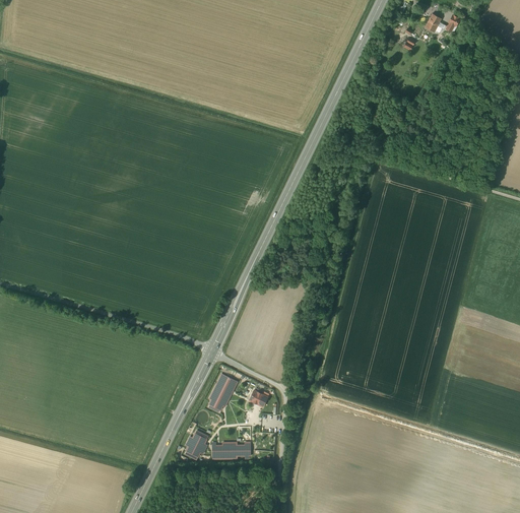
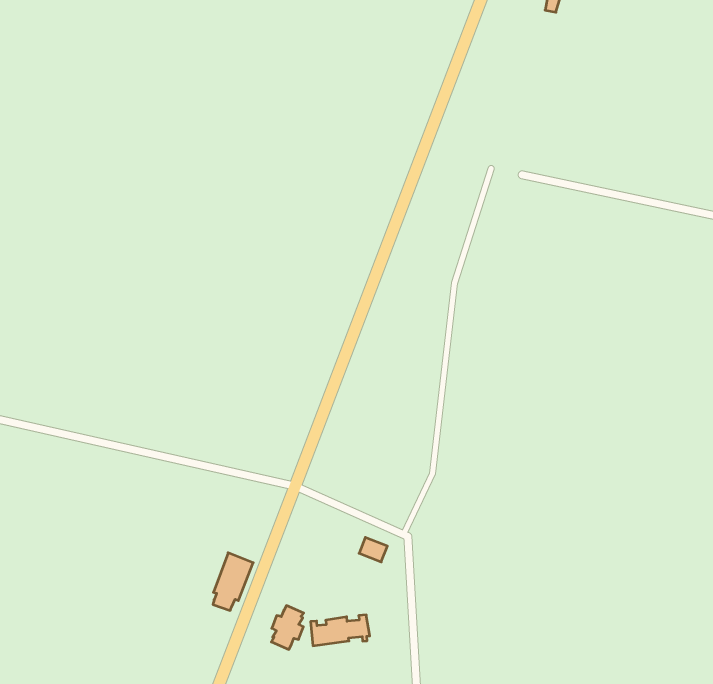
building: [207,374,237,412] -> [213,553,253,610]

